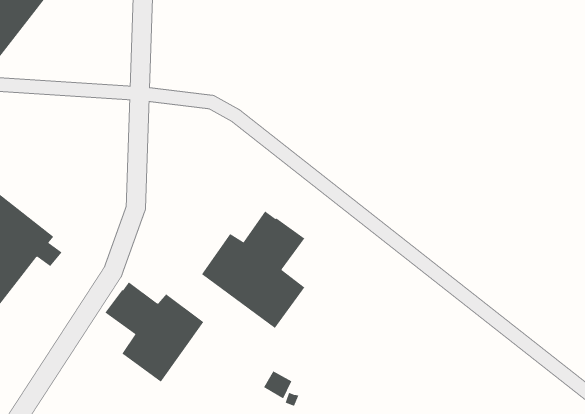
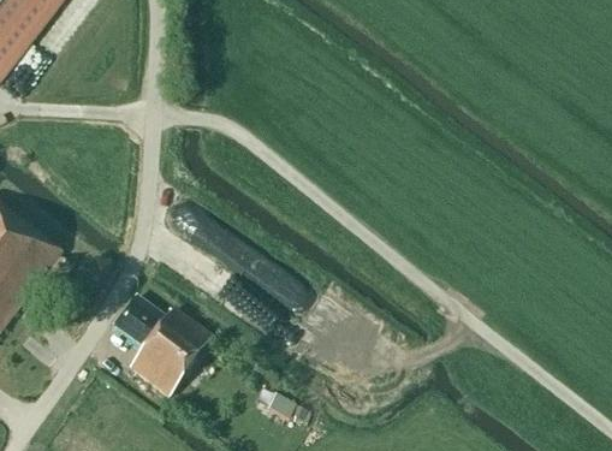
building: [201,211,305,329] -> none

